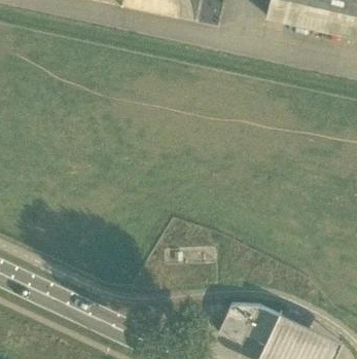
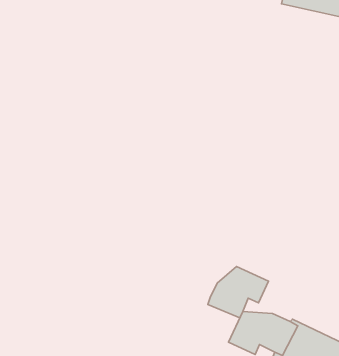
building: none -> [208,266,269,318]

